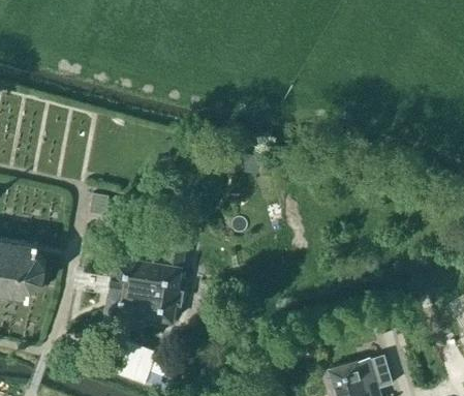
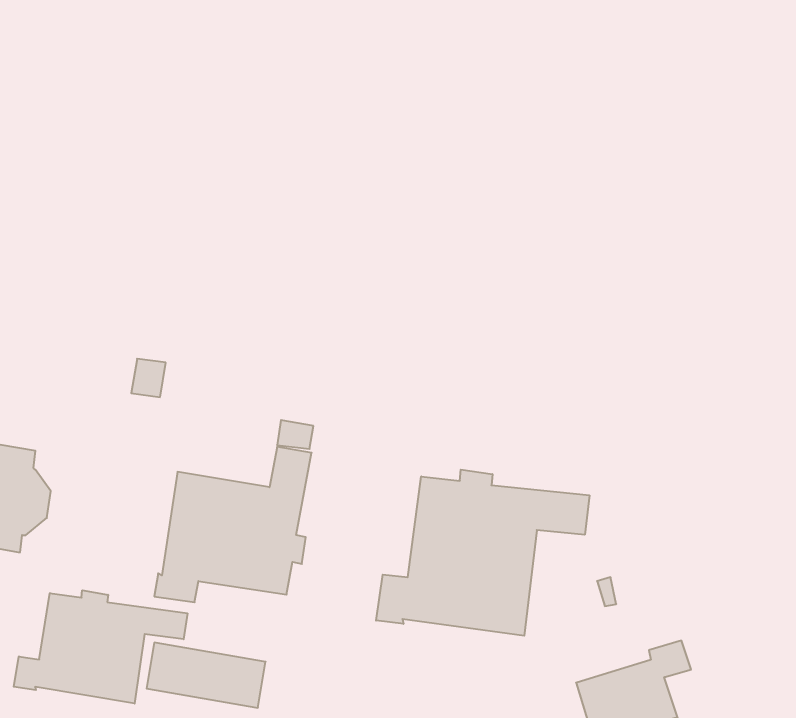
building: none -> [376,470,589,636]
building: none -> [14,590,187,704]

